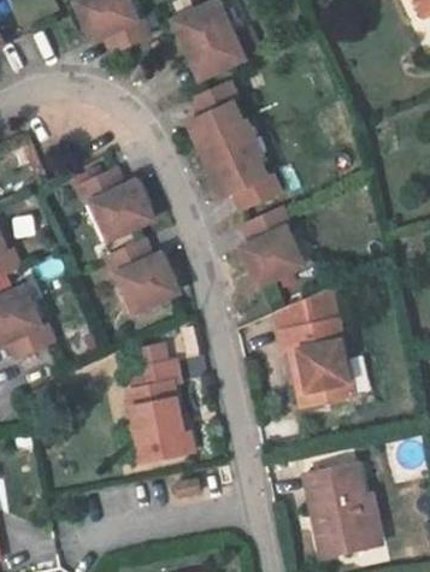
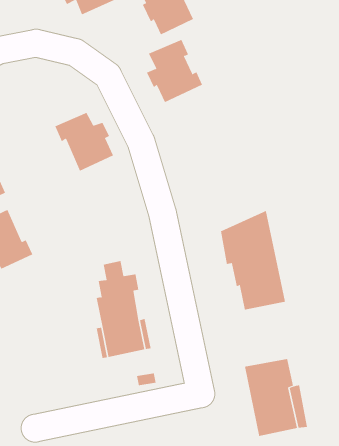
building: [210,137,281,211] -> none
building: [241,208,304,285] -> none
building: [107,241,175,313] -> none

